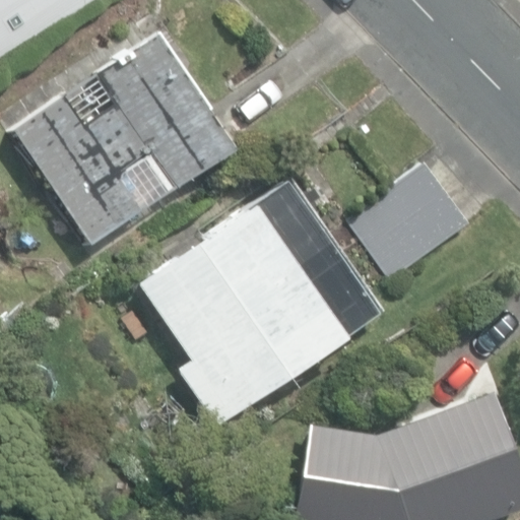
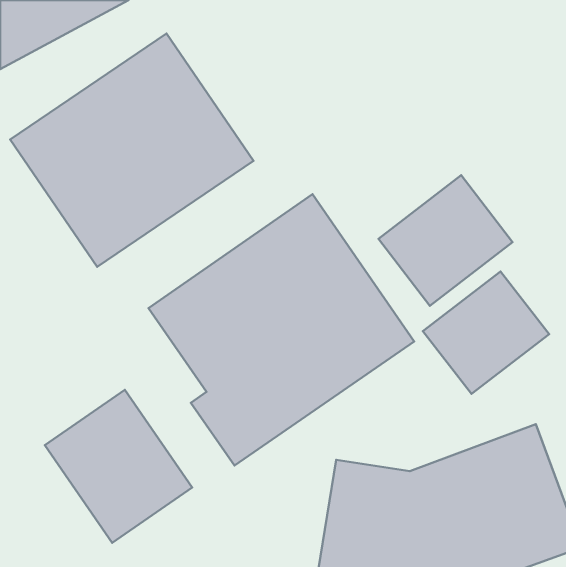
building: none -> [423,271,549,394]
building: none -> [45,390,192,543]

